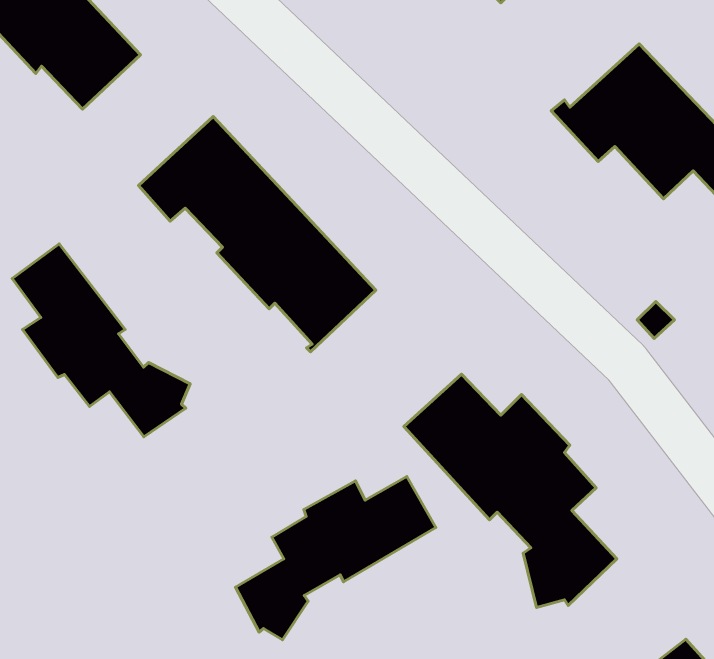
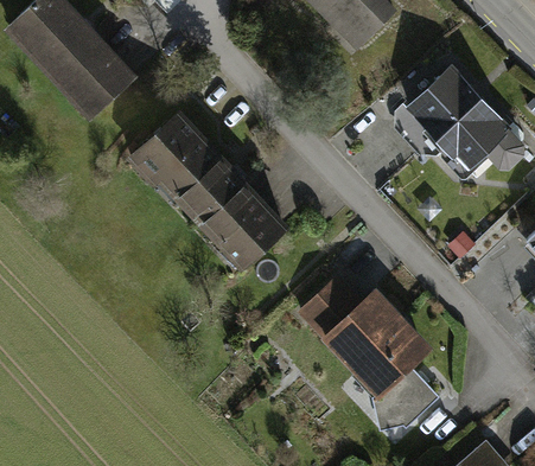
building: [12,244,190,437] -> none
building: [236,477,436,640] -> none

